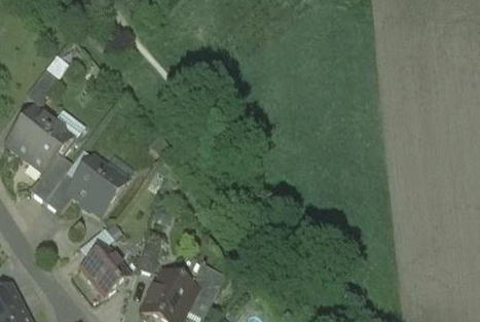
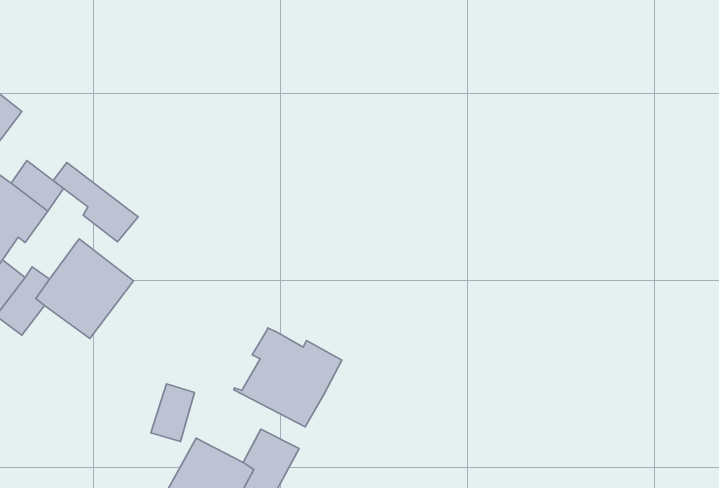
building: none -> [53,163,138,242]
building: none -> [234,328,342,427]
building: [80,246,128,295] -> none

